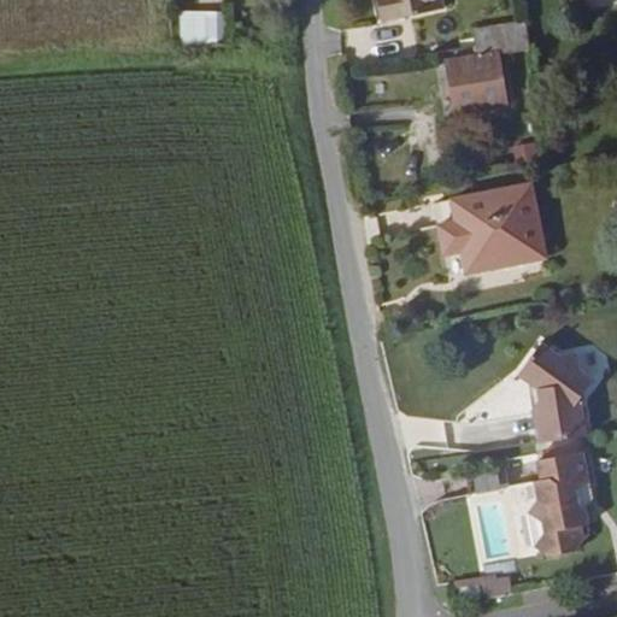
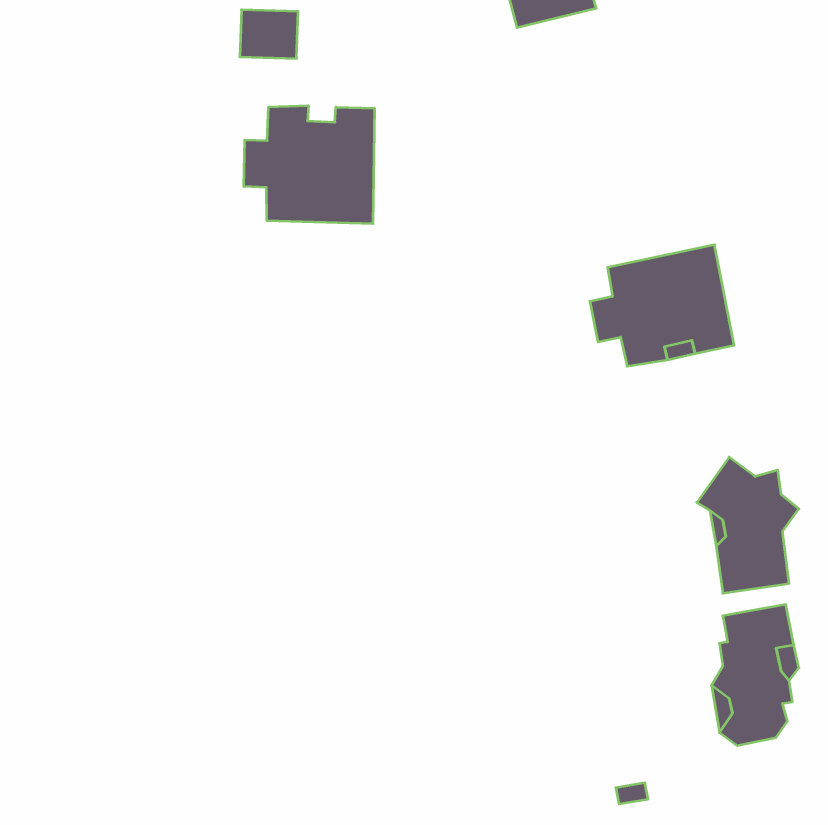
building: [446,19,529,112] -> none
building: none -> [244,106,374,224]

